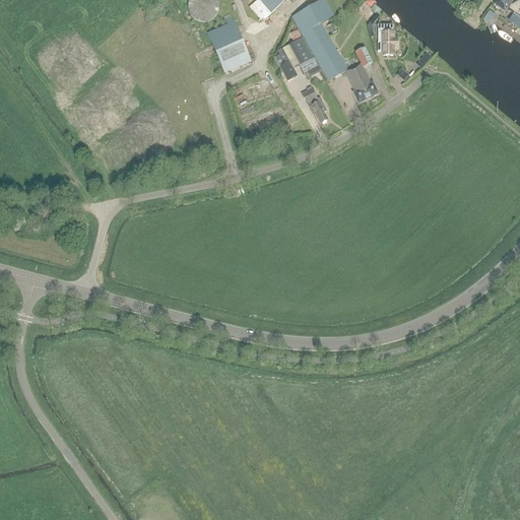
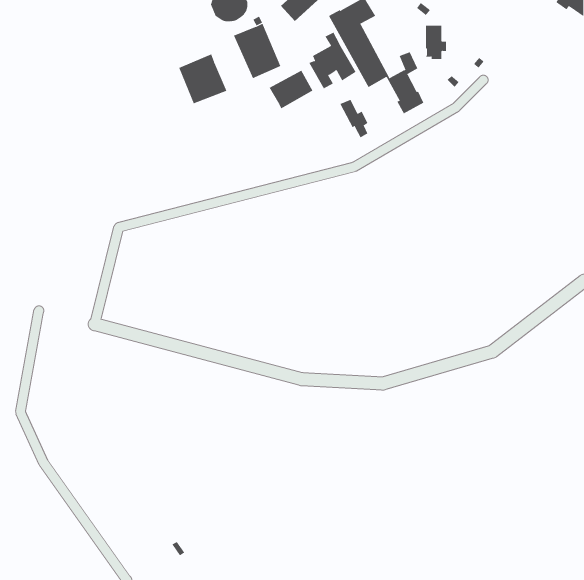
building: none -> [178,53,227,104]
building: none -> [269,70,313,109]

